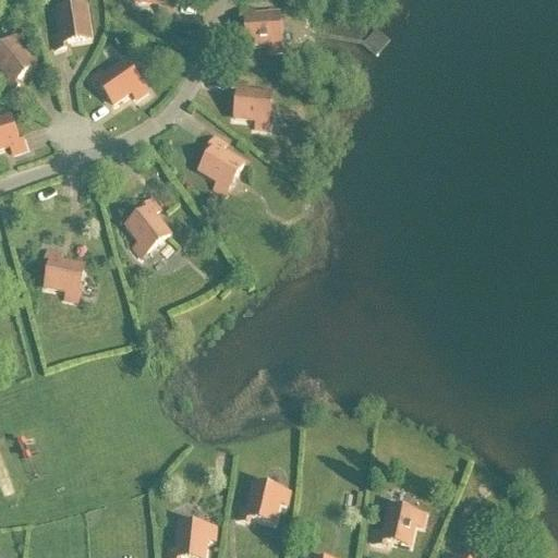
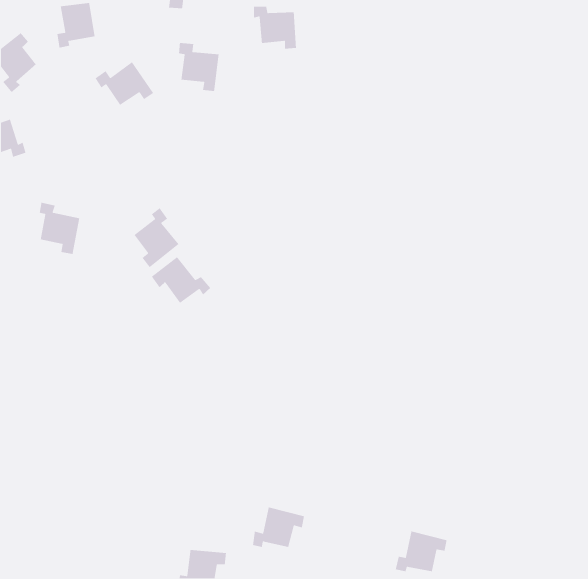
building: [232,78,271,125] -> [178,42,220,92]
building: [199,134,243,192] -> none
building: none -> [151,256,211,304]
building: [45,247,84,298] -> [39,202,80,255]

